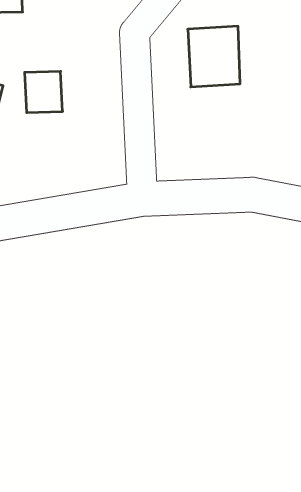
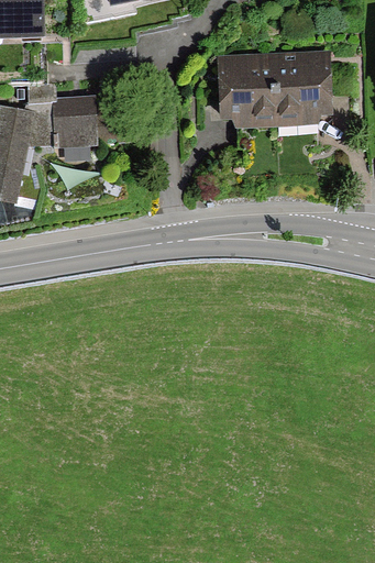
building: none -> [278,49,333,113]

